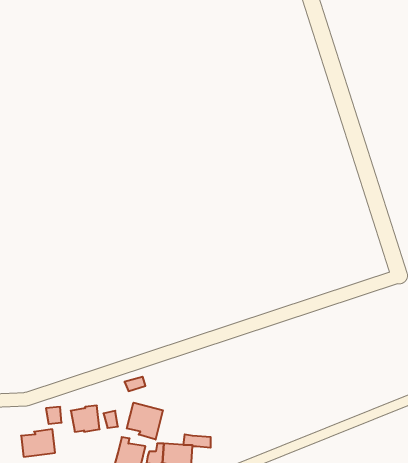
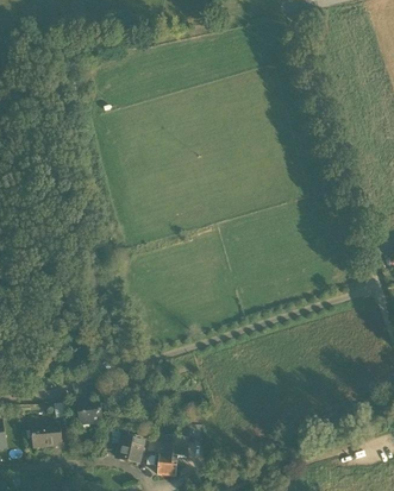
building: [127,403,163,440] -> none

